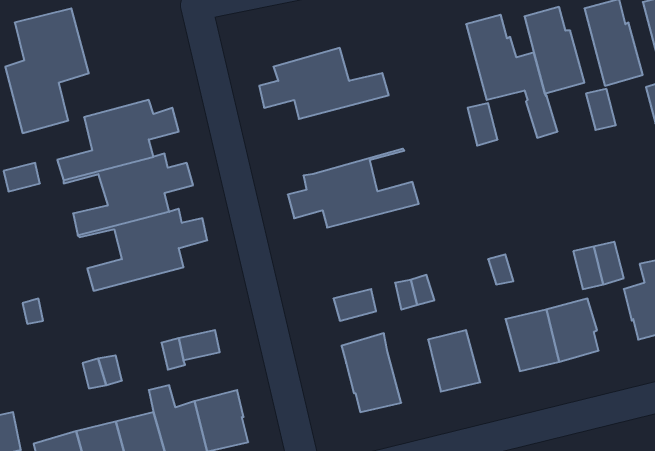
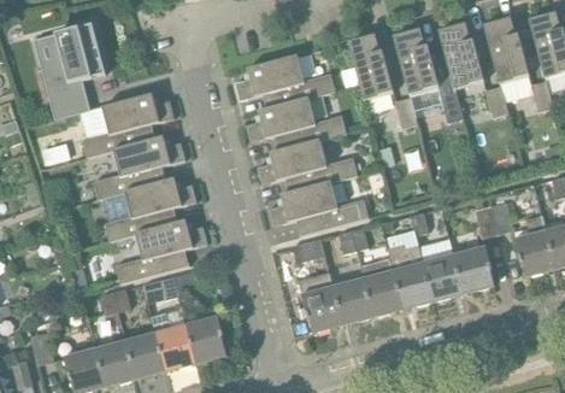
building: none -> [347,33,393,99]
building: none -> [246,89,345,149]
building: none -> [267,172,367,234]
building: none -> [108,218,207,282]
building: none -> [388,244,434,309]
building: none -> [332,276,373,324]

